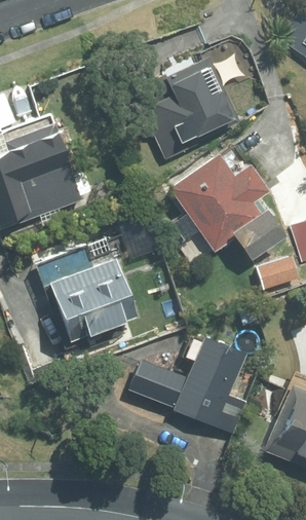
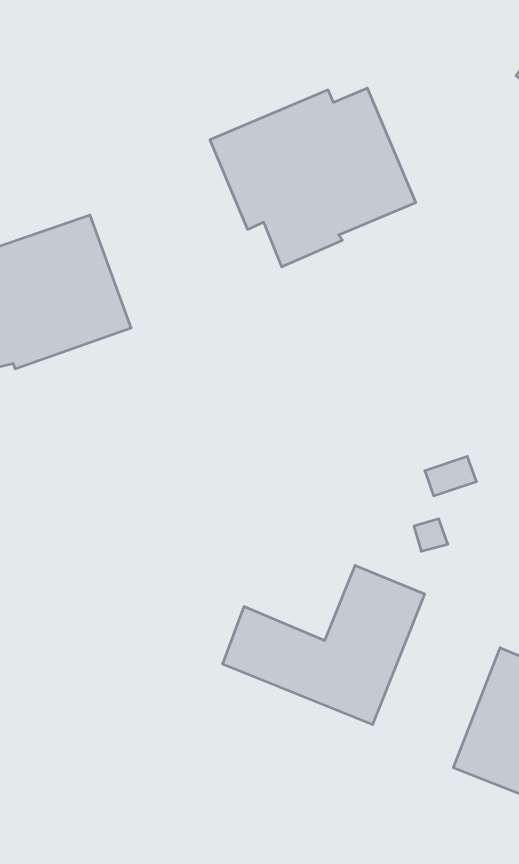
building: [167,152,290,261] -> none
building: [49,257,139,342] -> none

